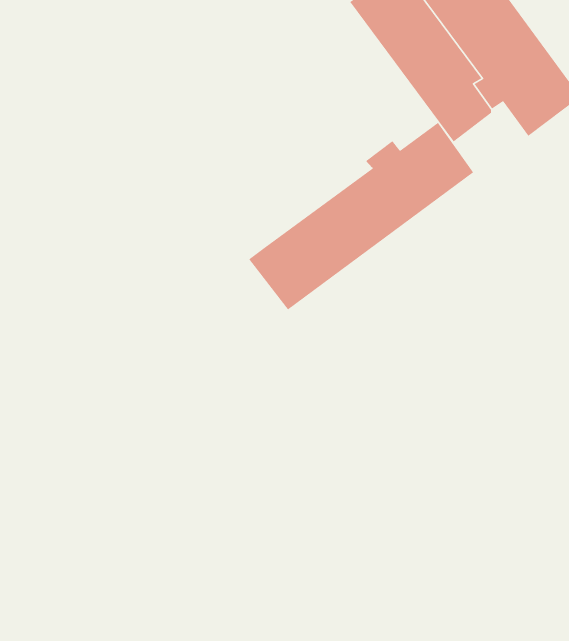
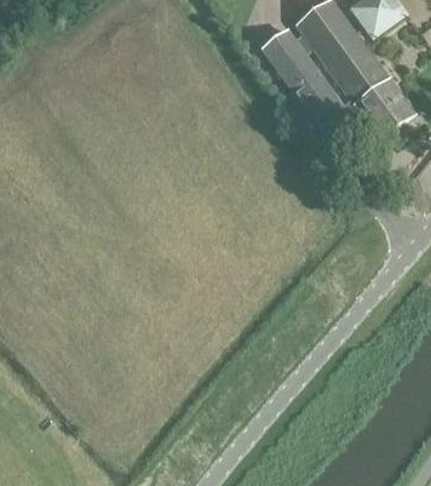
building: [248,122,474,311] -> none

